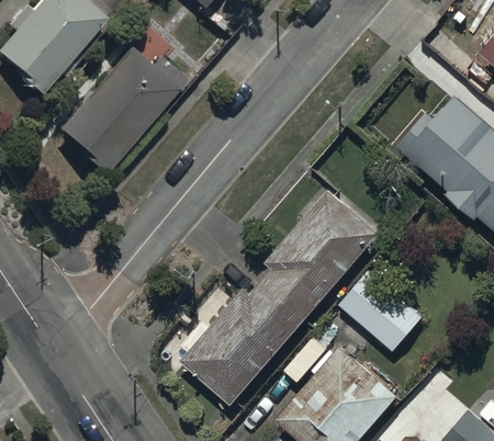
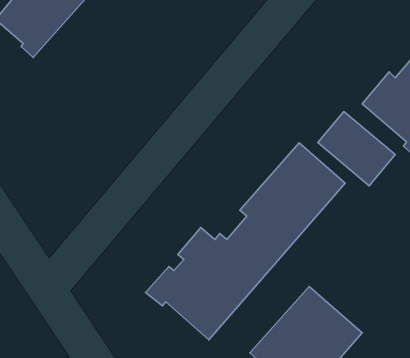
building: [59,50,186,174] -> none
building: [339,270,424,351] -> [318,111,395,186]

